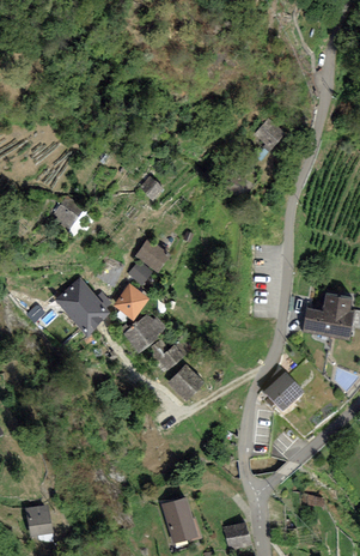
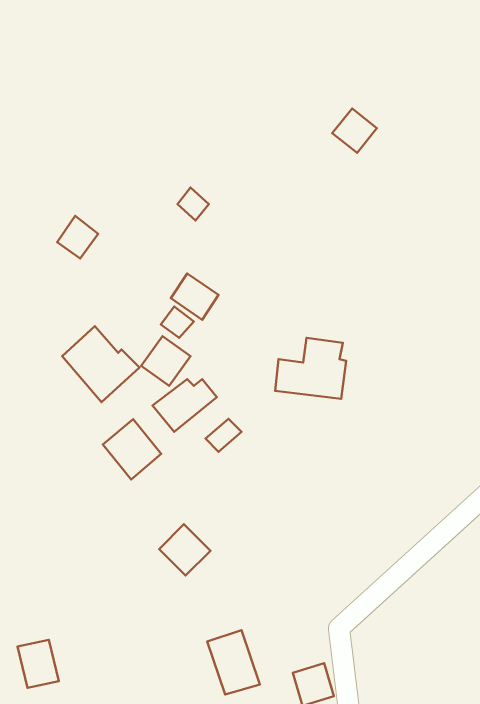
building: [303,292,354,337] -> [275,338,346,399]
building: none -> [103,419,161,479]
building: [167,363,205,400] -> [159,524,210,575]
building: [264,376,303,415] -> none

